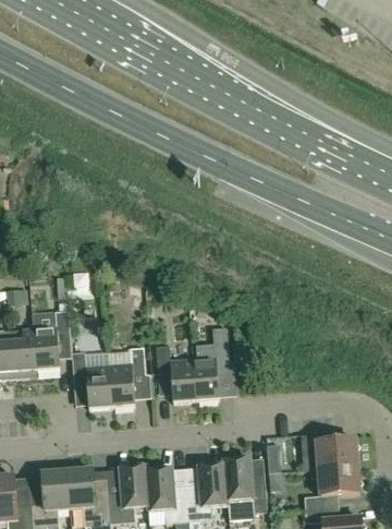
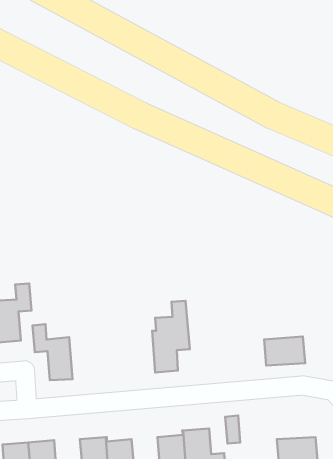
building: [155,344,195,400] -> none
building: [108,346,145,406] -> none
building: [316,437,357,467] -> [264,336,305,365]

